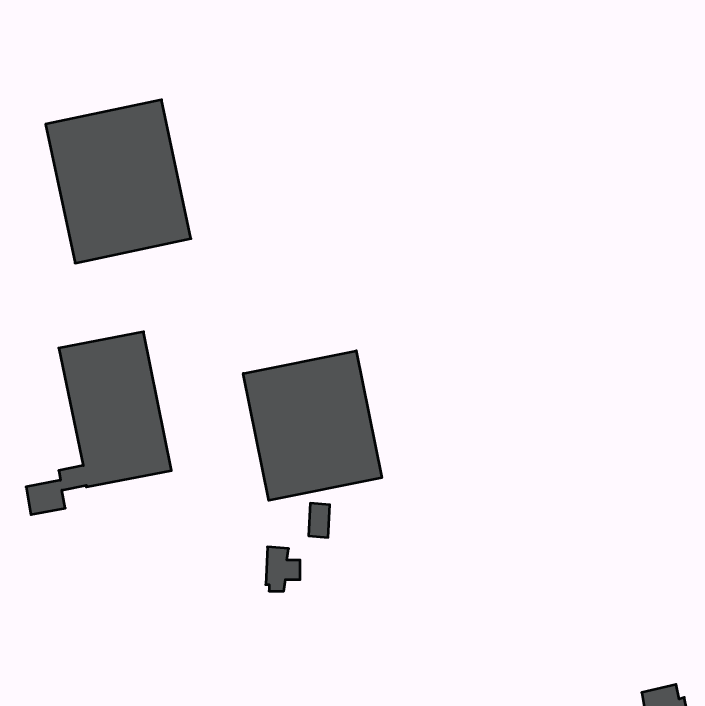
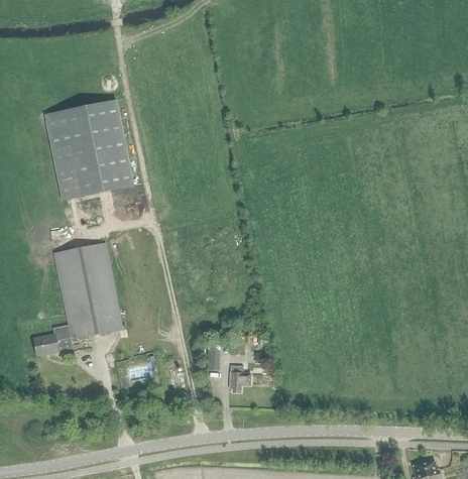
building: [243,351,382,500] -> none
building: [266,547,300,591] -> [229,364,250,391]

